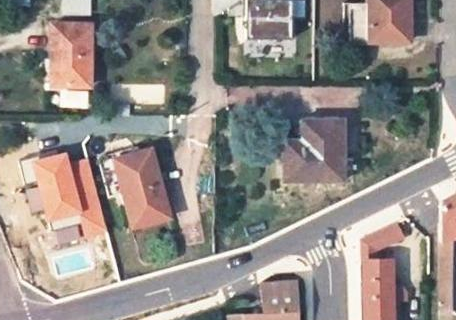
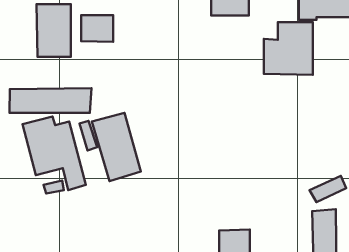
building: none -> [81,15,113,42]
building: [287,121,343,181] -> [264,22,313,75]
building: none -> [10,88,91,113]

